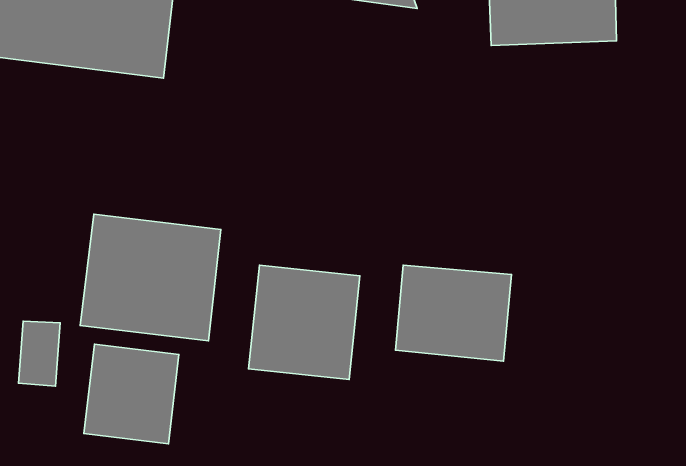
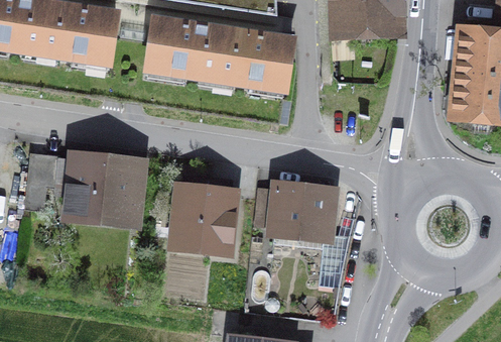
building: none -> [143,17,298,86]
building: [18,321,60,386] -> [30,155,57,198]
building: [84,344,179,444] -> none

